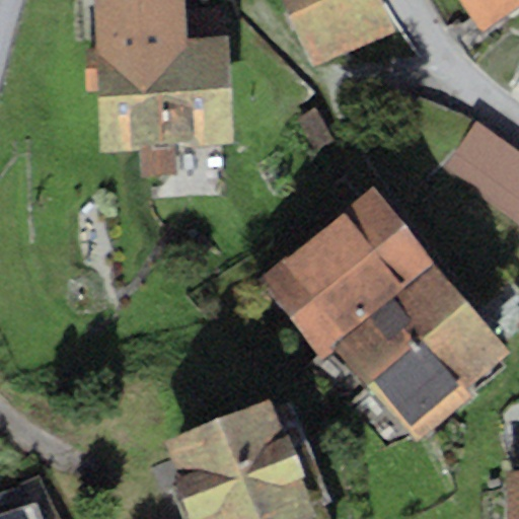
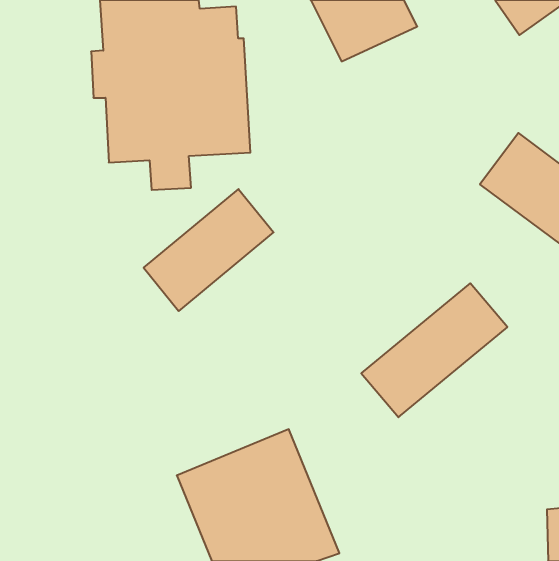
building: none -> [144,189,274,311]
building: [260,186,436,356] -> none
building: [370,302,513,436] -> none

